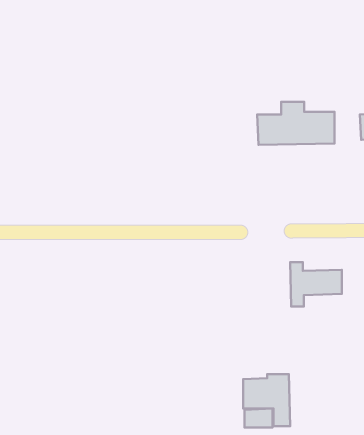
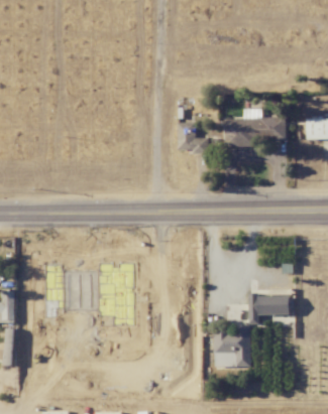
building: [290,262,342,306] -> [248,289,290,324]

